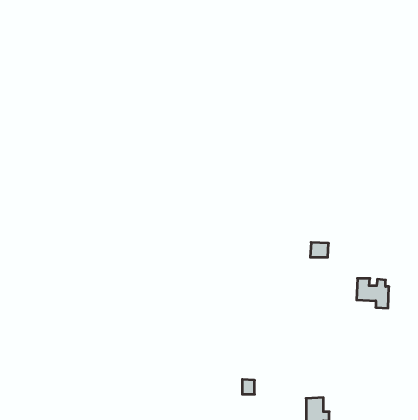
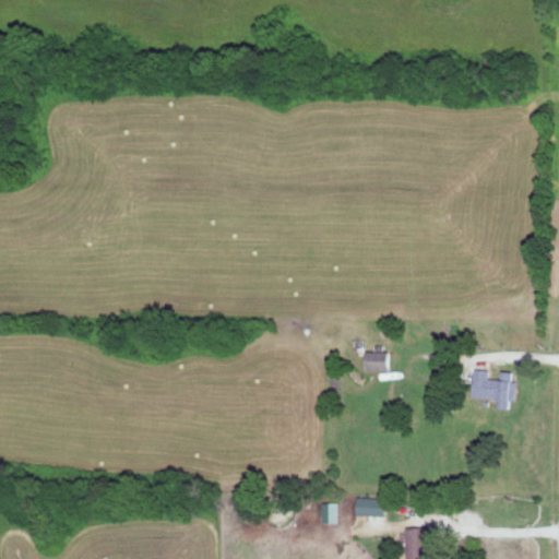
building: [310,242,329,257] -> [364,353,388,372]
building: none -> [355,499,383,518]

